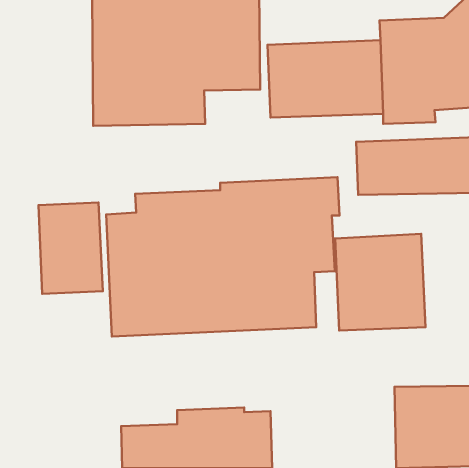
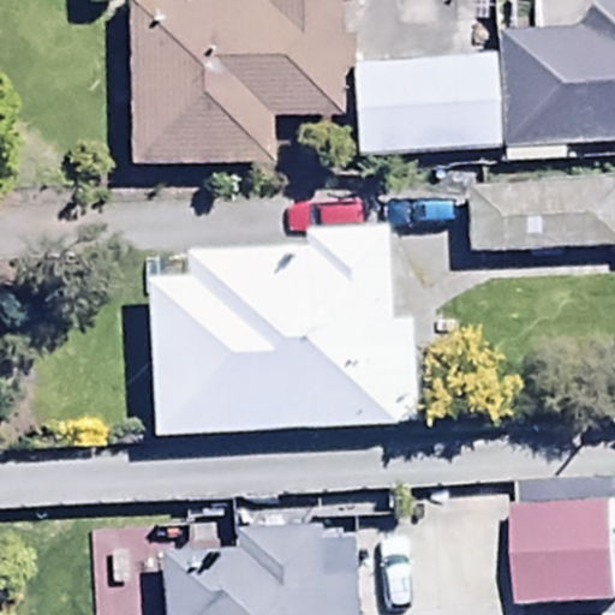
building: [38,202,103,294] -> none
building: [335,234,426,331] -> none

